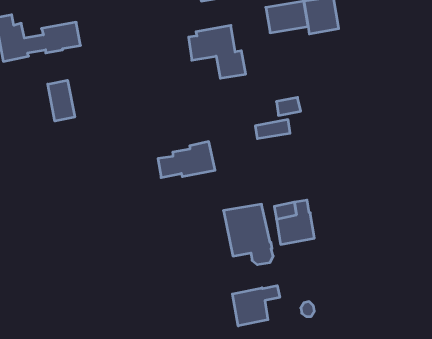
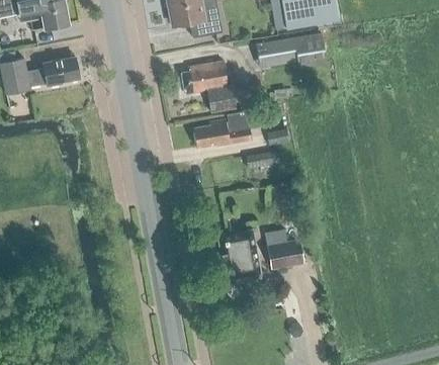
building: [48,80,75,121] -> none
building: [158,142,215,178] -> [195,110,250,145]
building: [232,286,280,326] -> none

